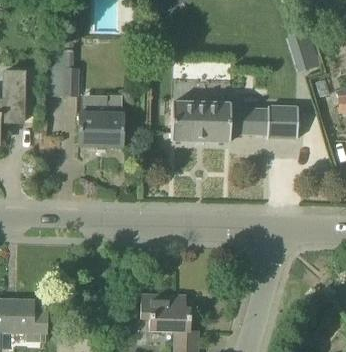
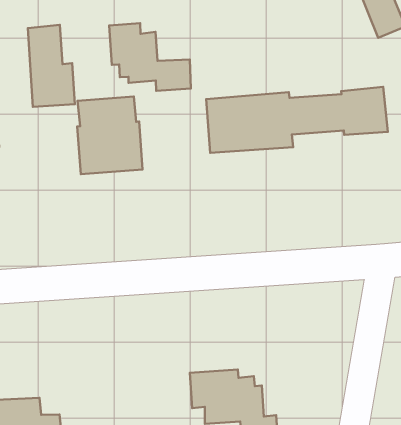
building: none -> [109,23,191,91]

